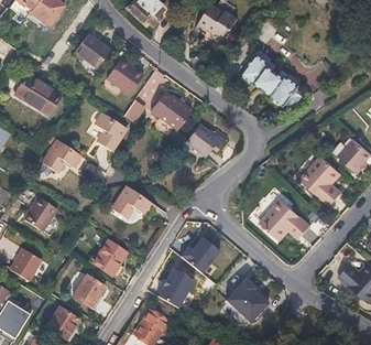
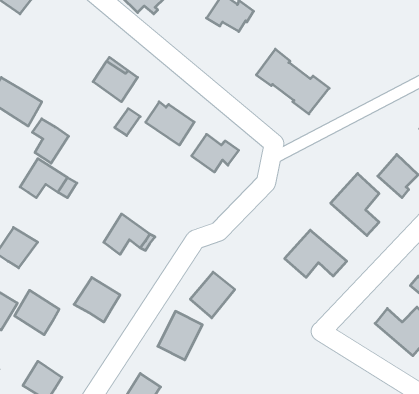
building: [73,32,108,66] -> none
building: [98,116,128,152] -> [32,119,69,163]
building: [72,272,108,309] -> [15,290,59,335]
building: [225,276,272,323] -> none

